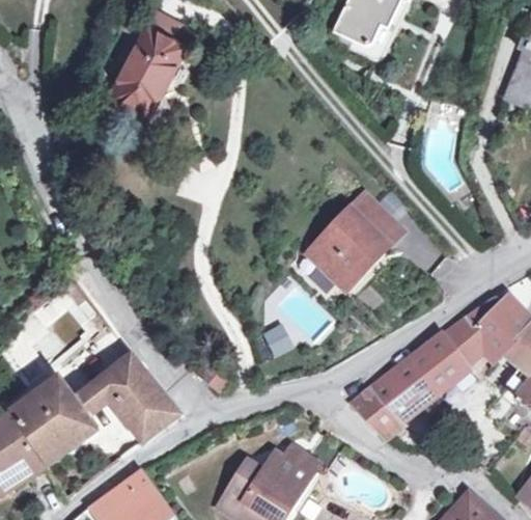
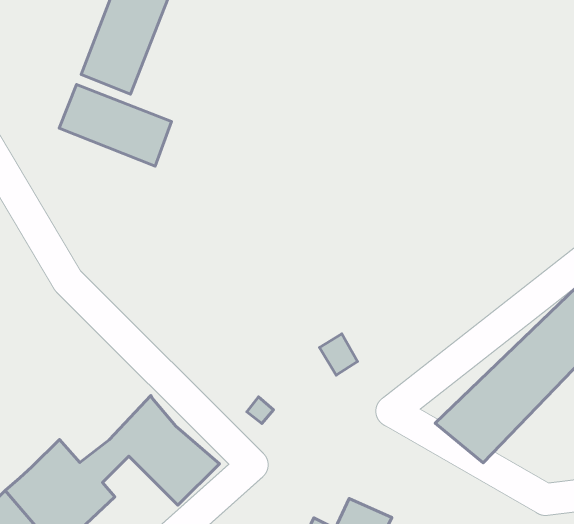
building: none -> [59,84,171,166]
building: [309,194,403,281] -> none

